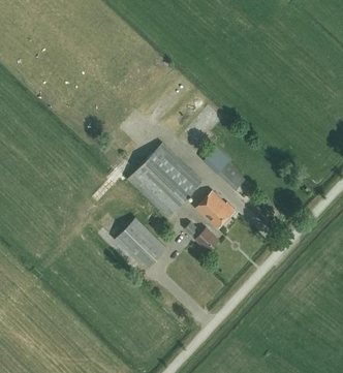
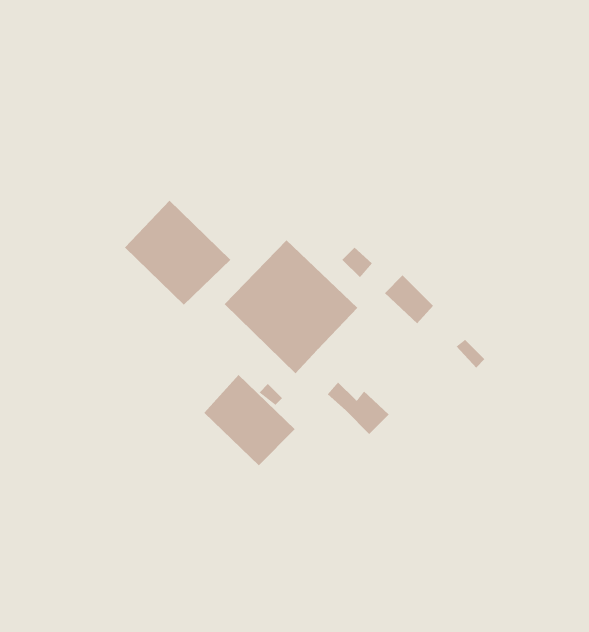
building: none -> [124,200,231,306]
building: [196,191,235,228] -> none

